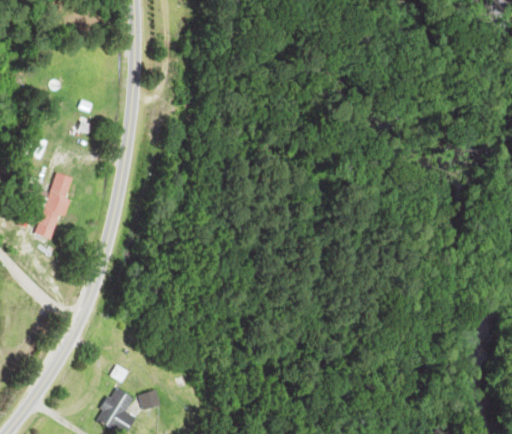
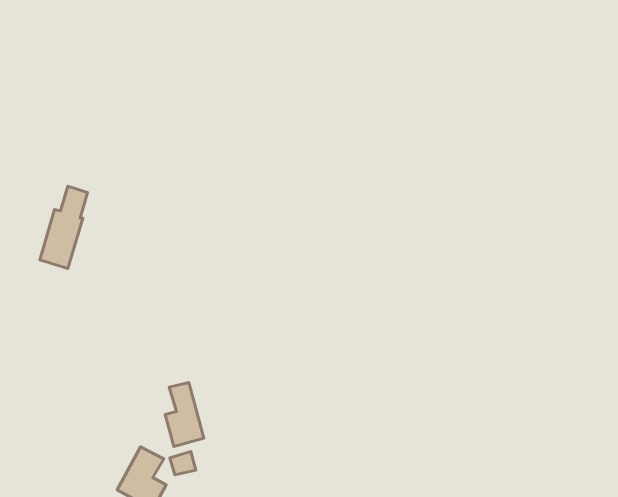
building: none -> [165,382,204,447]

